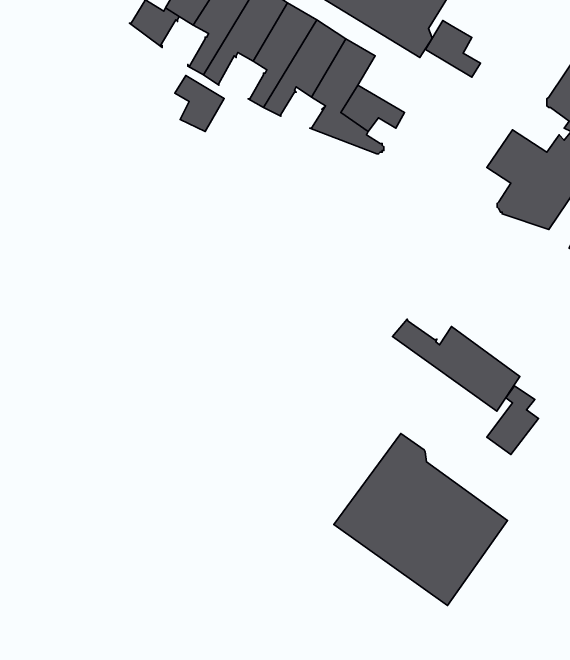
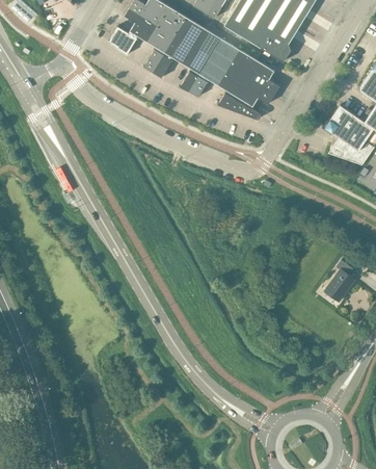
building: [426,20,480,77] -> [246,59,279,94]
building: [175,76,224,131] -> none
building: [392,319,520,411] -> none
building: [334,433,507,605] -> none

